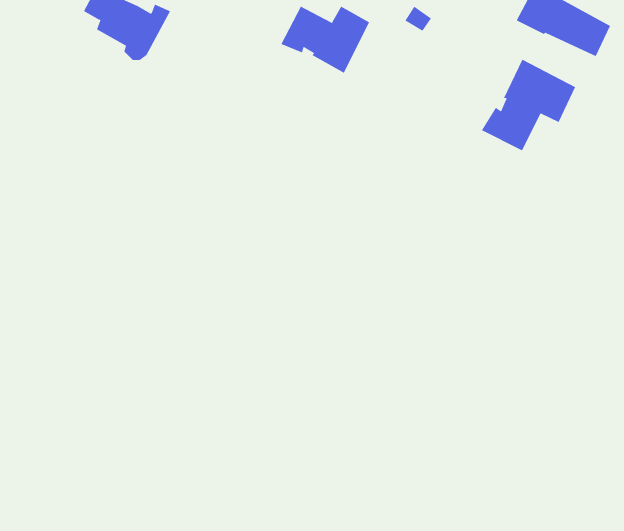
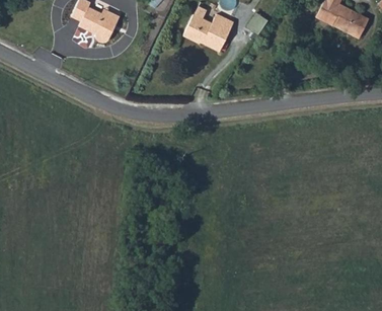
building: [481,59,576,151] -> none

